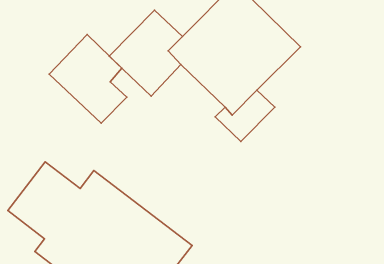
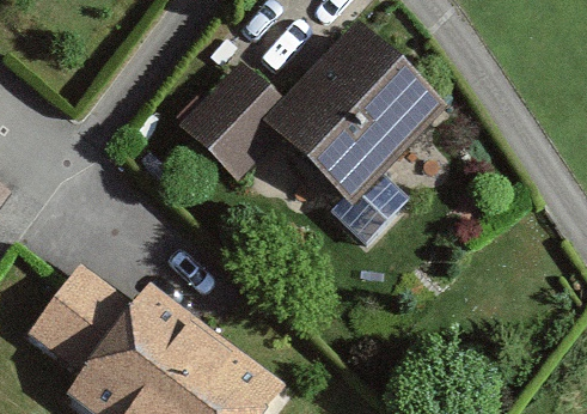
building: [49,35,127,123] -> none

